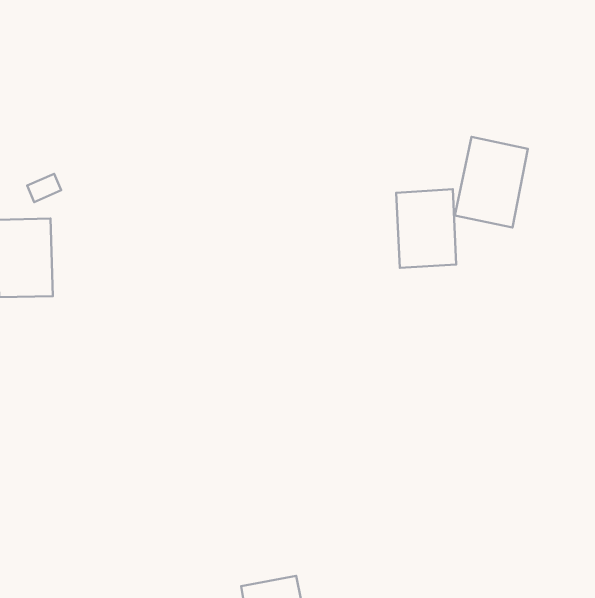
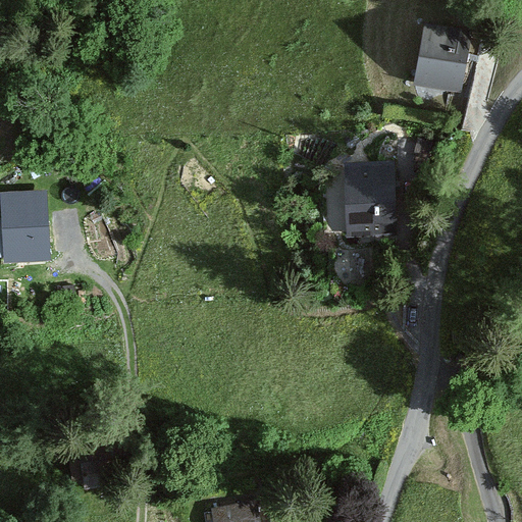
building: [455,137,528,227] -> [410,21,473,100]

